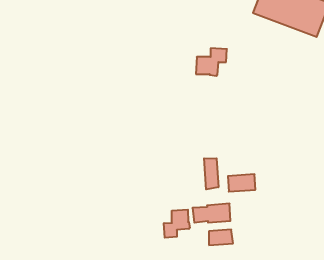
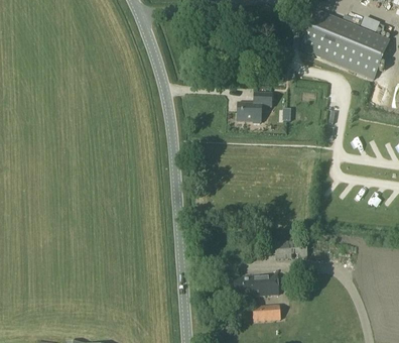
building: [204,158,218,189] -> none
building: [164,210,190,238] -> none

